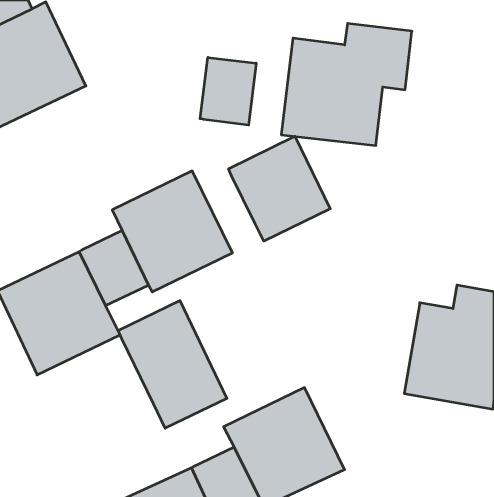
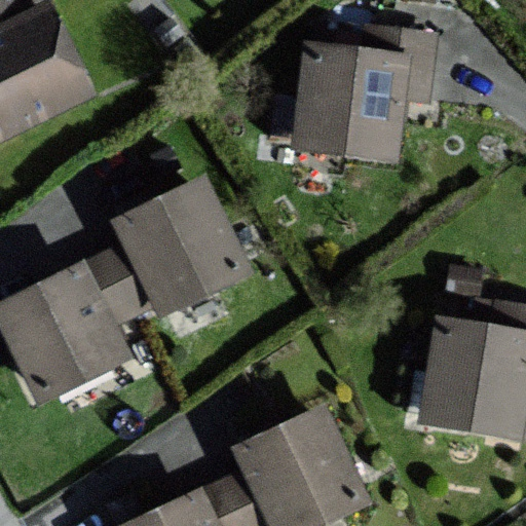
building: [200,57,256,125] -> none
building: [229,136,330,241] -> none
building: [118,301,227,428] -> none

